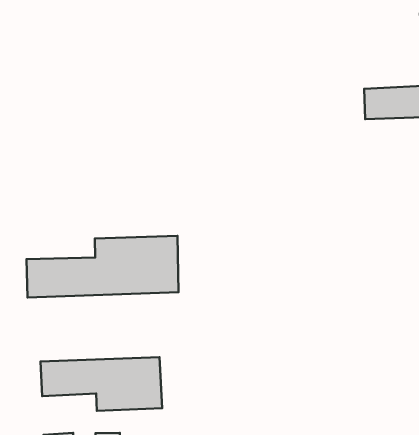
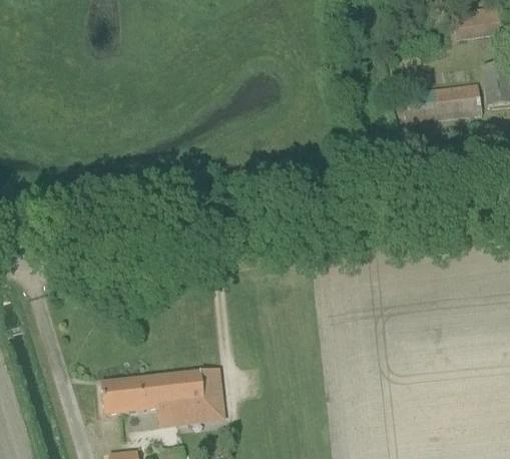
building: [27,236,178,297] -> none

